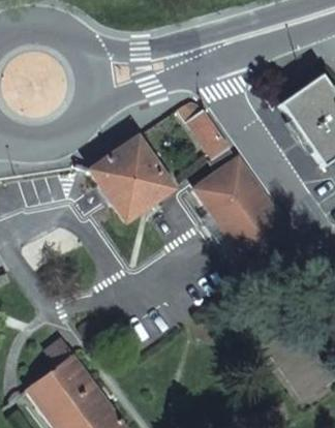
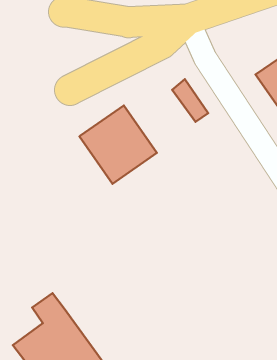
building: [196,158,298,272] -> none

